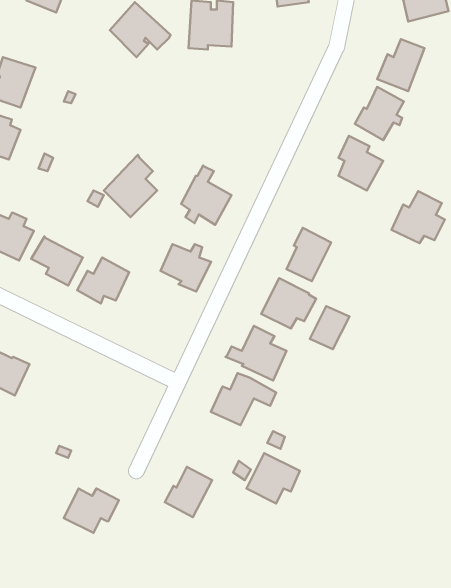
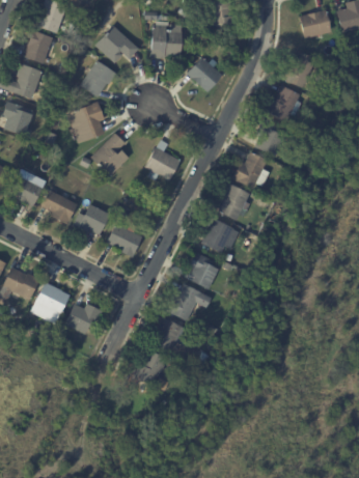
building: none -> [24,30,53,64]
building: none -> [187,57,222,92]
building: none -> [80,60,116,97]
building: none -> [67,102,105,143]
building: [391,191,445,243] -> [232,152,270,189]
building: [161,244,211,292] -> [107,224,142,257]
building: [310,306,349,349] -> none
building: none -> [30,283,70,325]
building: [246,453,300,503] -> [150,317,188,353]
building: [64,488,119,533] -> [64,304,103,335]

